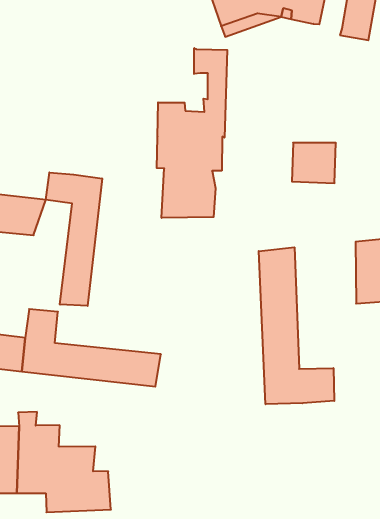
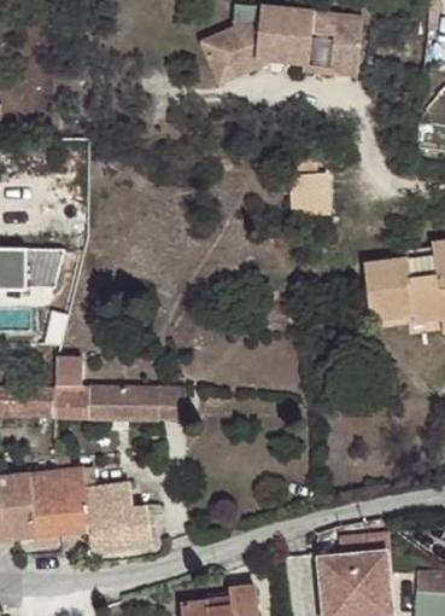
building: [157,48,227,218] -> none
building: [46,172,102,306] -> none
building: [259,247,334,404] -> none

